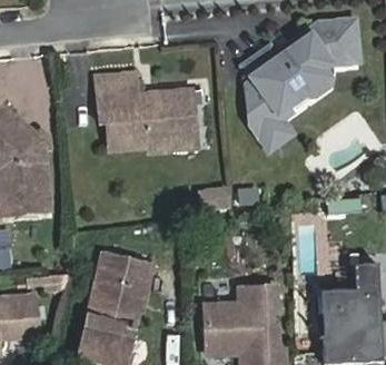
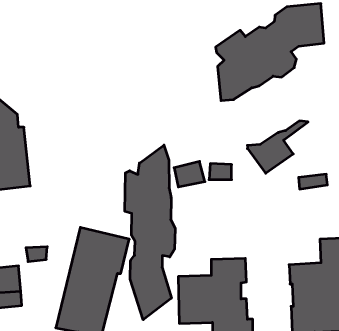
building: [96,73,197,151] -> none
building: [249,96,313,150] -> [247,121,308,173]
building: none -> [125,145,175,320]

